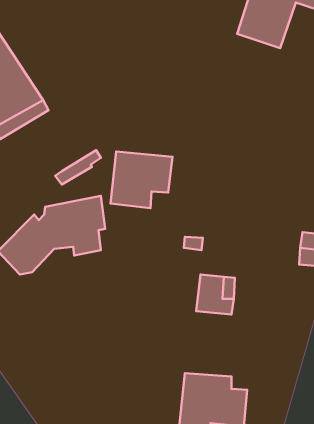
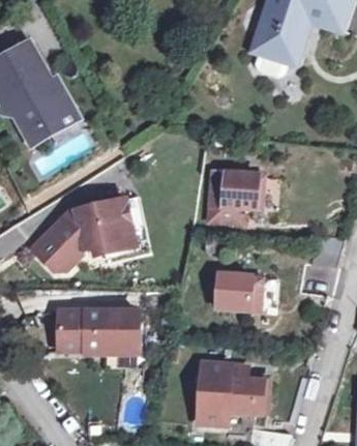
building: [110,151,173,208] -> [208,169,266,221]
building: none -> [56,313,138,352]

